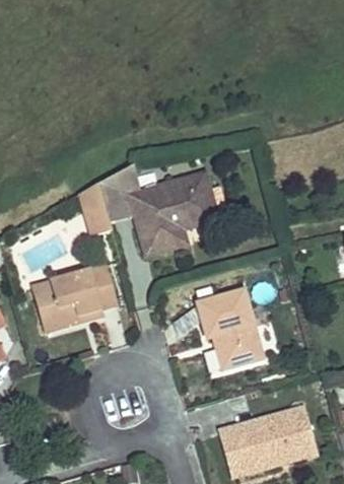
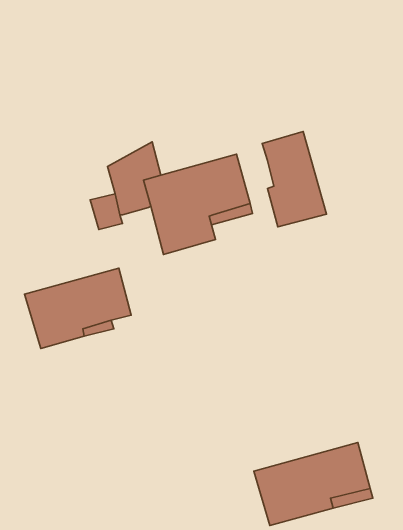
building: none -> [262,131,326,227]
building: [197,290,262,370] -> none

